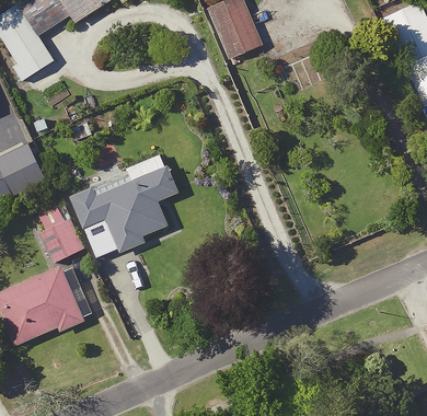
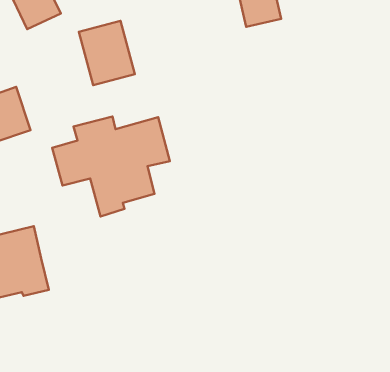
building: none -> [79,21,135,85]
building: [35,196,85,263] -> none

